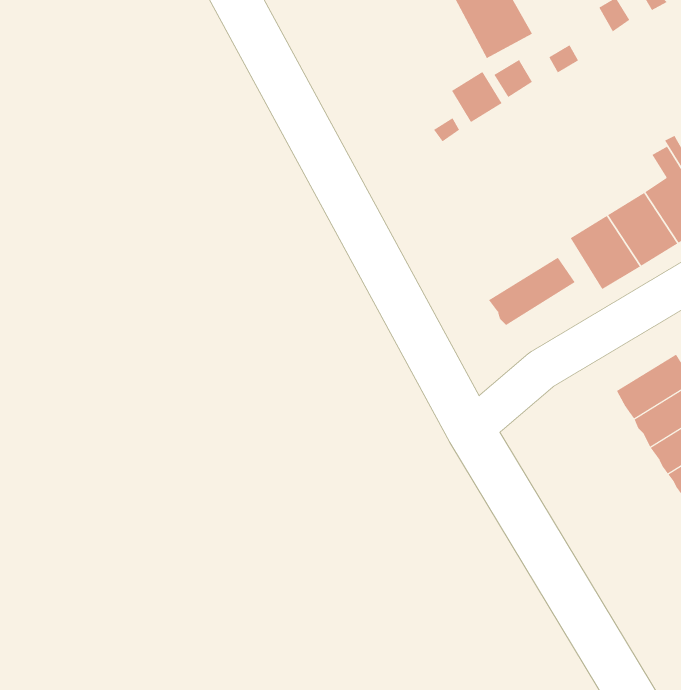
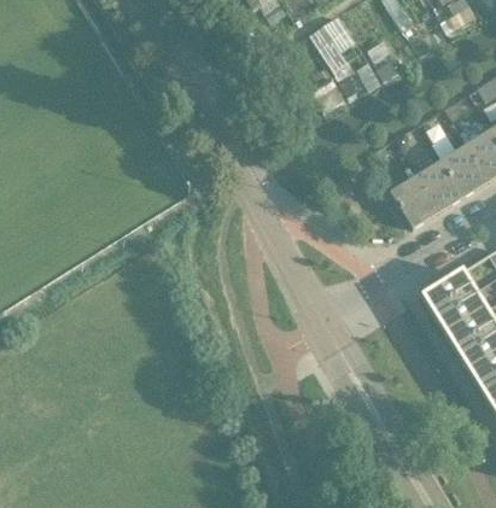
building: [488,257,576,326] -> none

